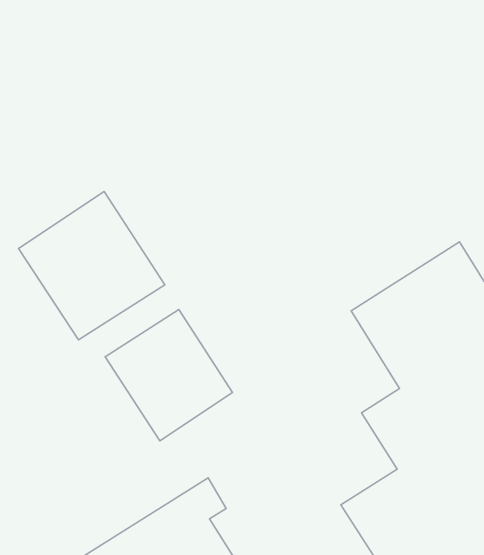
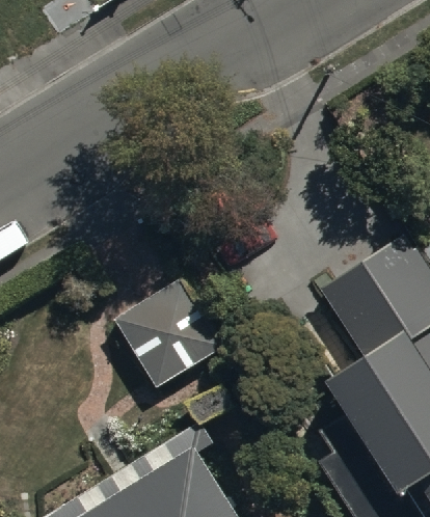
building: [19,191,165,340] -> none

